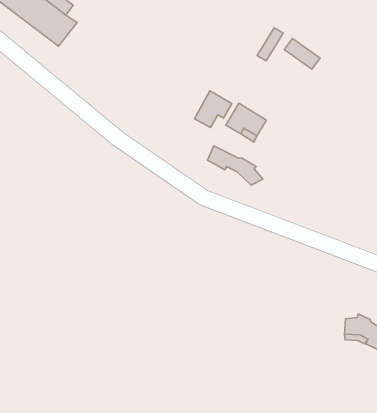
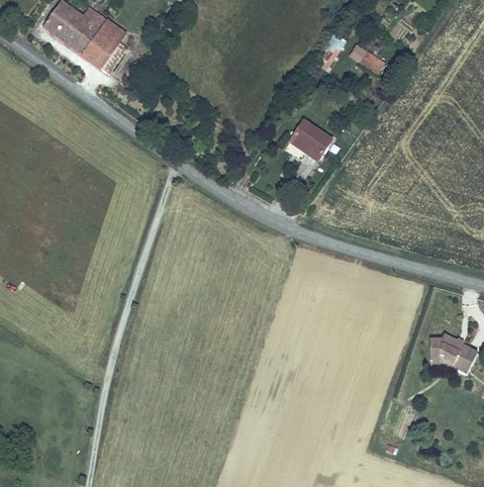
building: [194,91,232,128] -> none
building: [208,146,263,185] -> none

